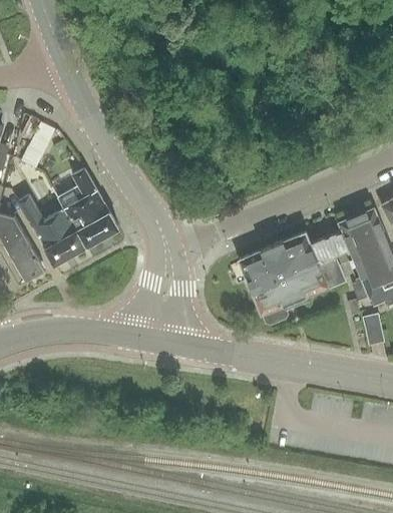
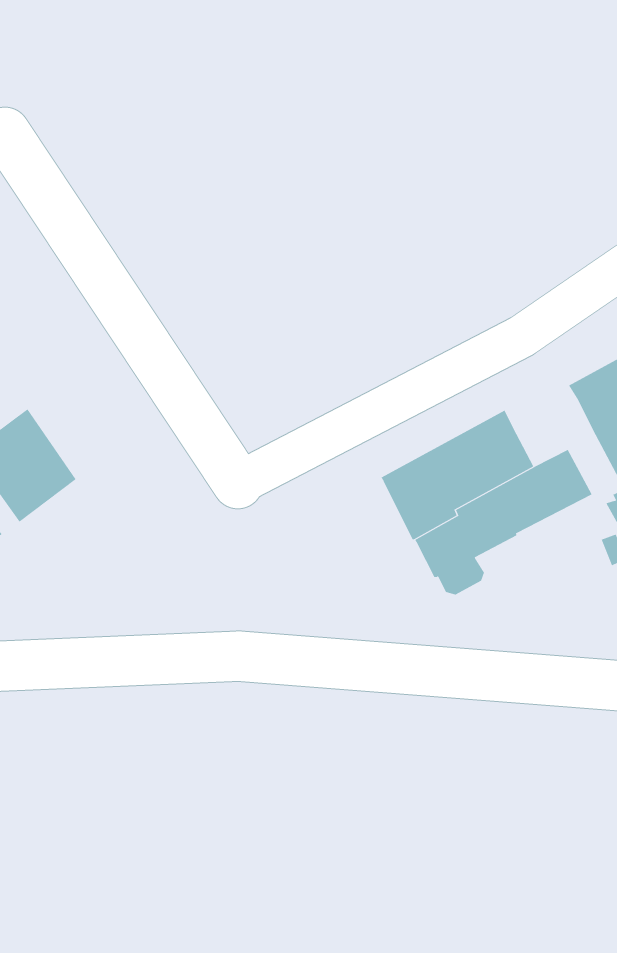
building: [59,168,119,246] -> none
building: [311,231,350,263] -> none

